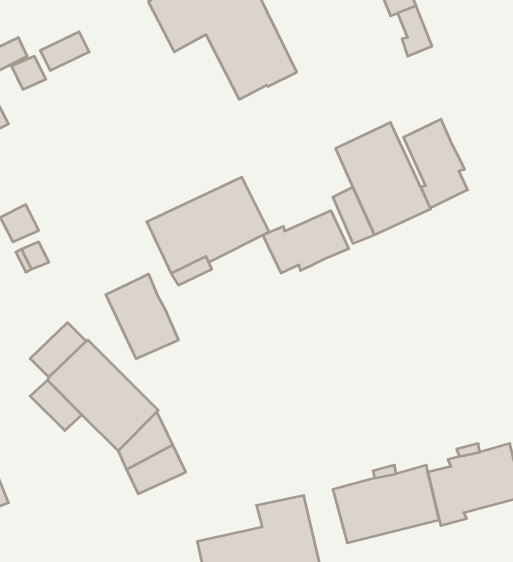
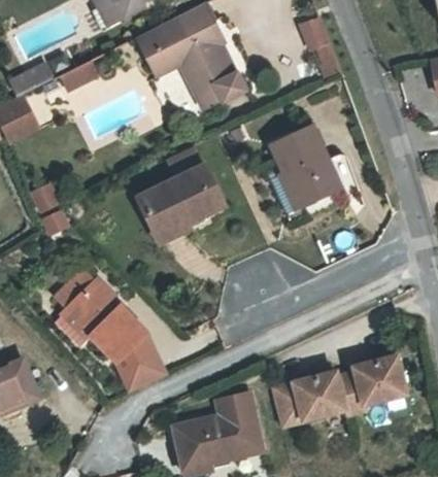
building: [404,119,468,208] -> none
building: [263,211,349,273] -> none
building: [106,274,178,359] -> none

